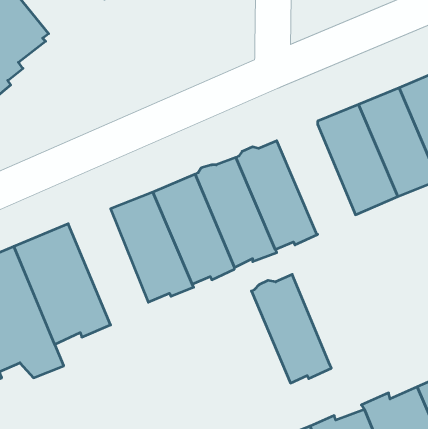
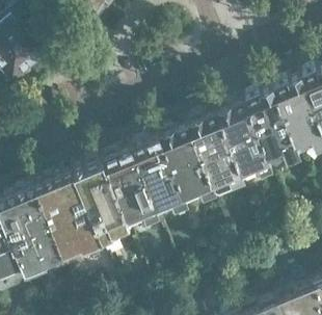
building: none -> [74,160,130,252]
building: [251,274,331,383] -> [217,103,272,178]

